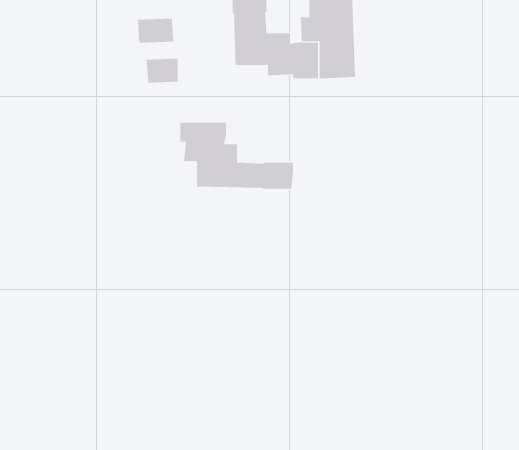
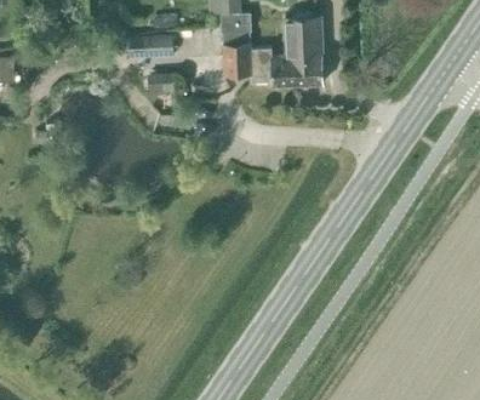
building: [180,122,294,190] -> none

